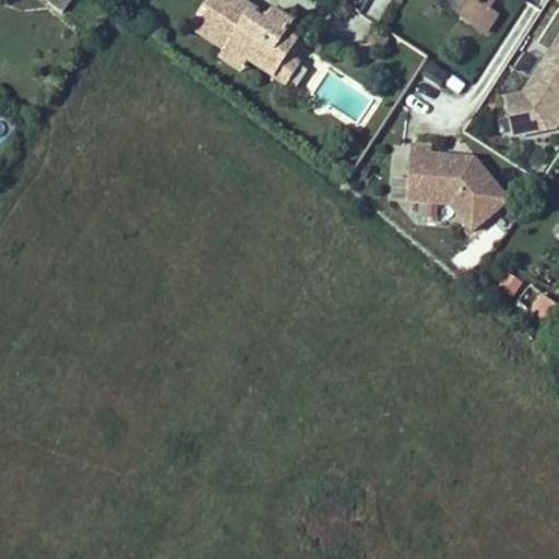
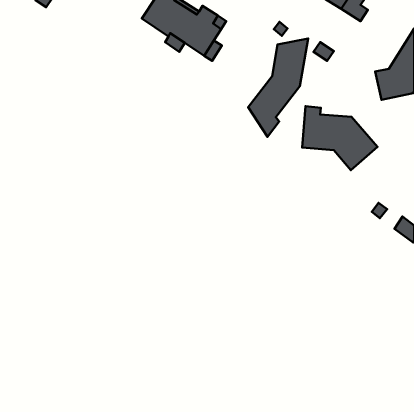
building: none -> [248,38,308,137]

